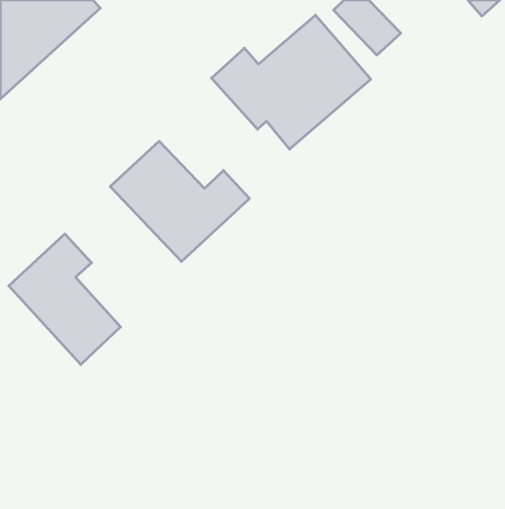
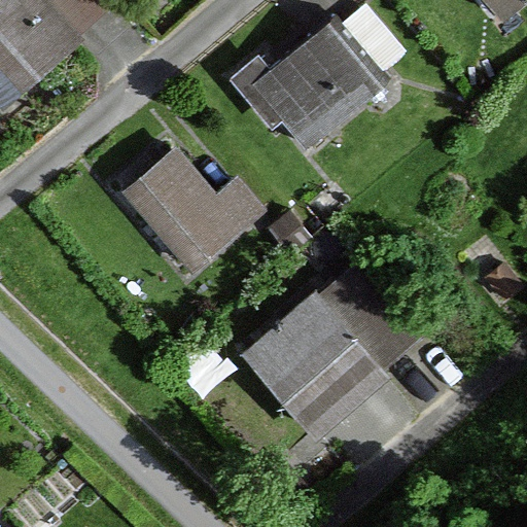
building: [9,234,121,365] -> none
building: none -> [239,260,422,442]

